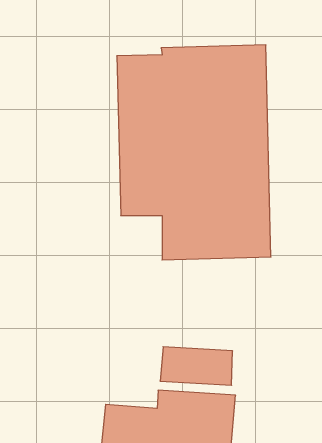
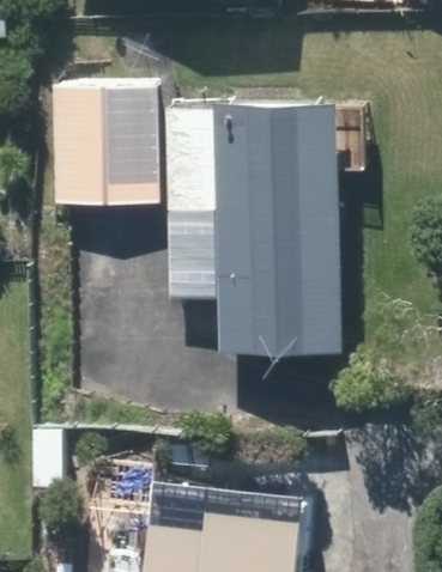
building: none -> [49,91,152,208]

